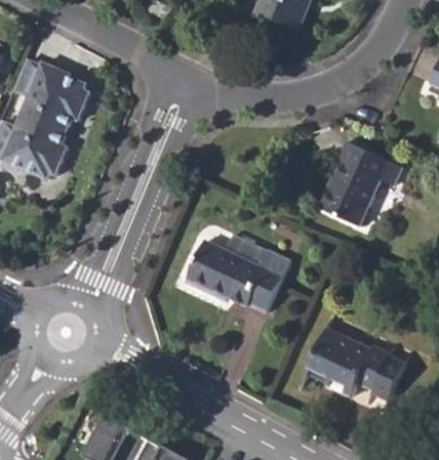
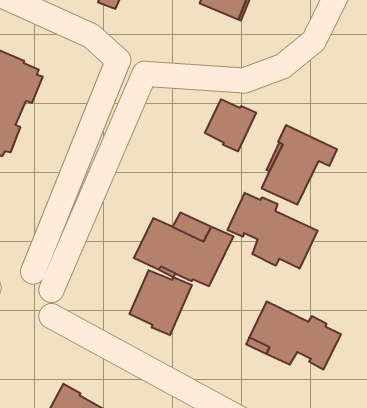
building: none -> [205,99,256,151]
building: none -> [228,193,317,269]
building: none -> [129,270,192,335]

